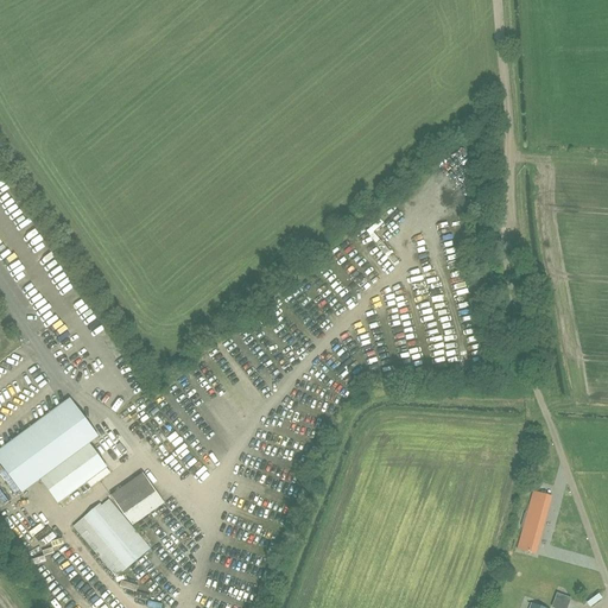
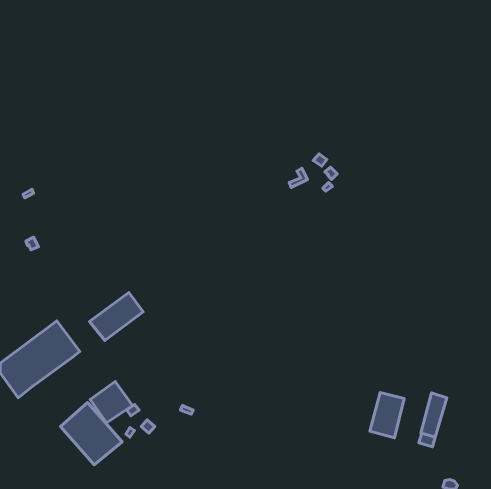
building: [40,442,107,501] -> [89,293,143,341]
building: none -> [370,393,404,438]

